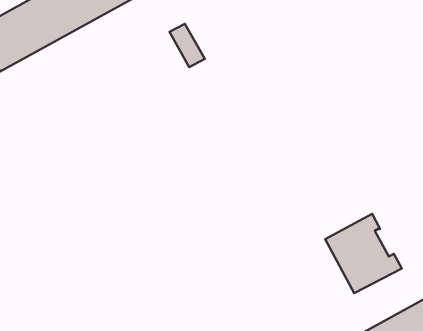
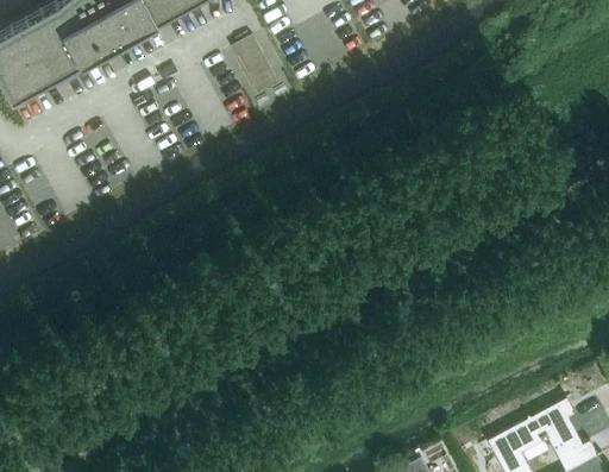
building: [325,214,402,293] -> none

